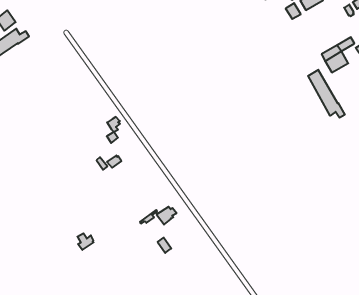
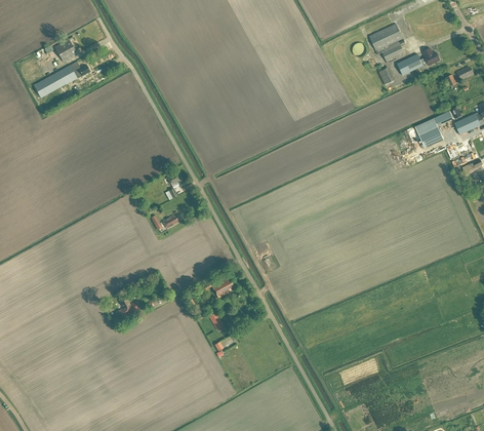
building: [308,70,345,118] -> none

